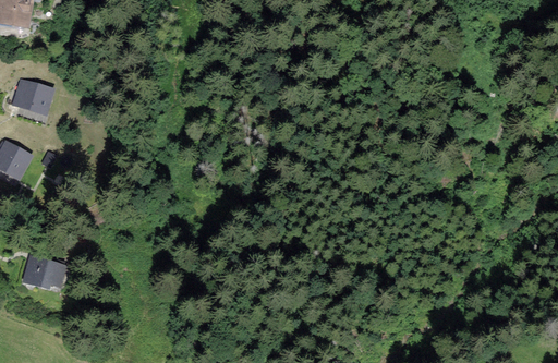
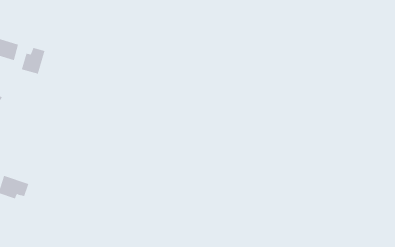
building: none -> [21,47,45,75]

